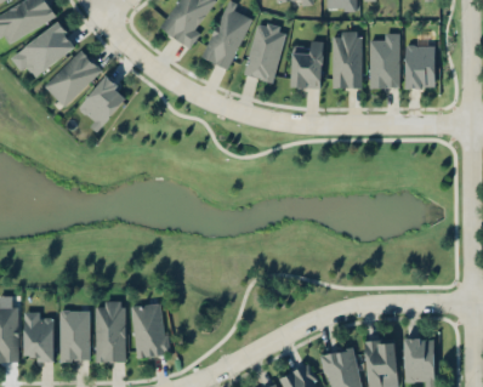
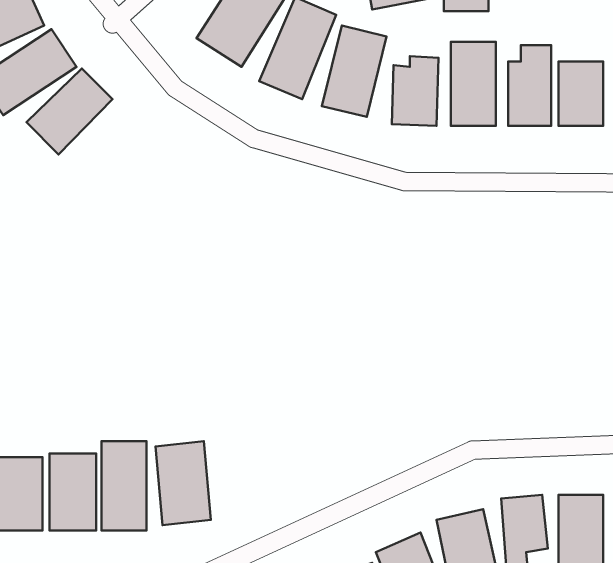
building: [75,75,129,131] -> none

